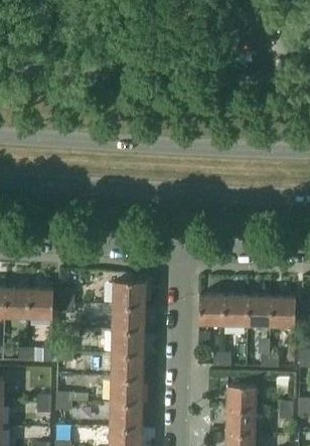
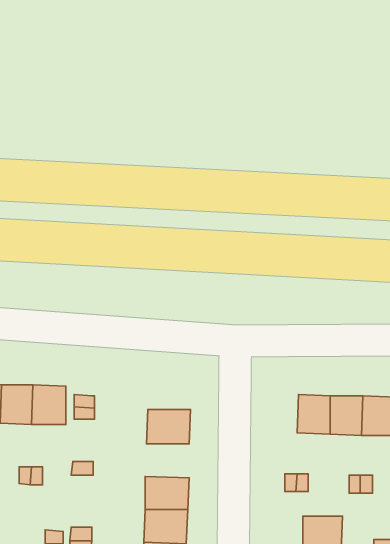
building: [114,281,146,307] -> none
building: [199,295,224,324] -> none
building: [112,332,144,357] -> none

